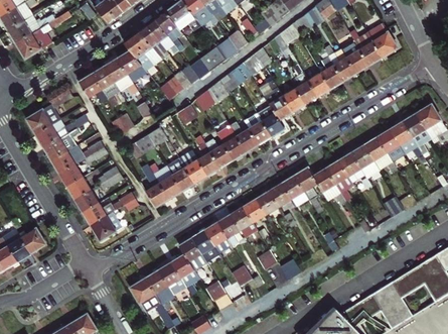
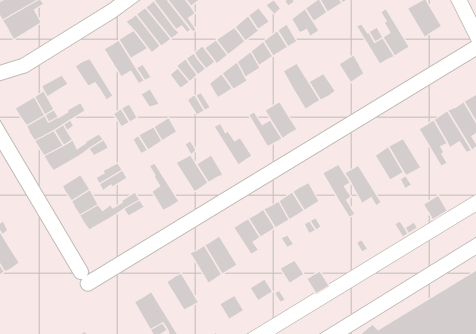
building: [348,29,382,66] -> none
building: [318,47,342,89] -> none
building: [293,67,317,104] -> none
building: [91,68,118,108] -> none
building: [256,105,284,137] -> none
building: [221,125,245,160] -> none
building: [193,135,219,177] -> none
building: [363,137,396,174] -> none
building: [58,159,91,187] -> none
building: [324,160,353,201] -> none
building: [147,162,181,200] -> none
building: [281,176,307,207] -> none
building: [90,213,120,241] -> none
building: [203,223,231,253] -> none
building: [19,227,45,253] -> none
building: [170,254,197,296] -> none
building: [144,270,172,311] -> none

